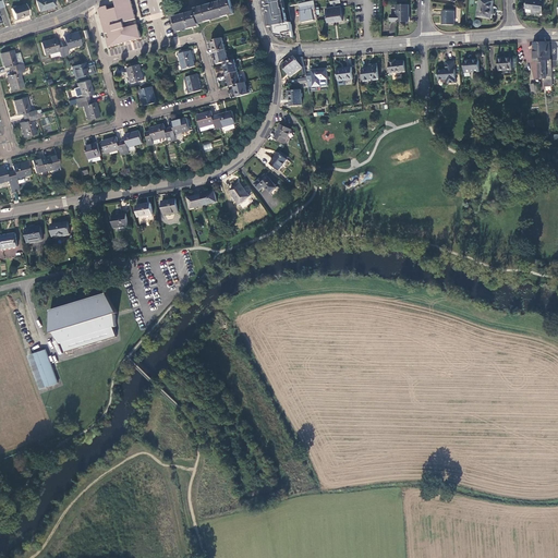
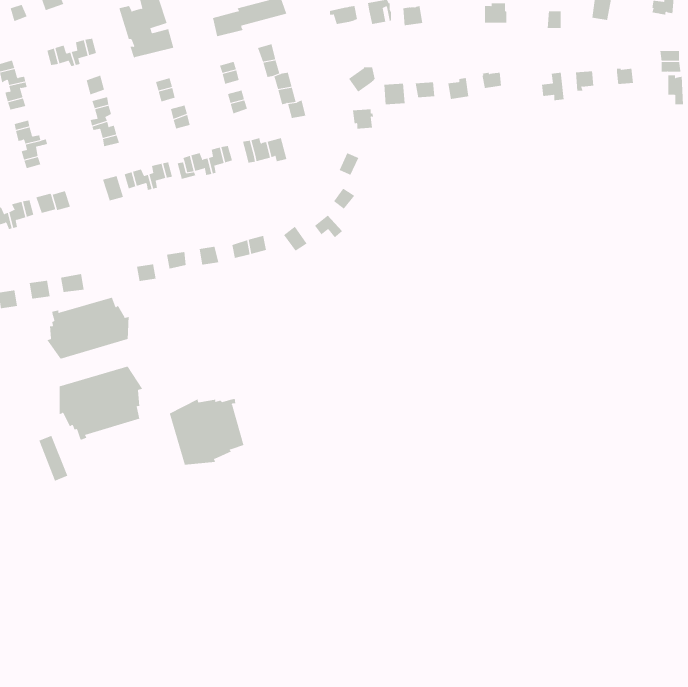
building: none -> [46,297,129,360]
building: none -> [169,398,244,466]

